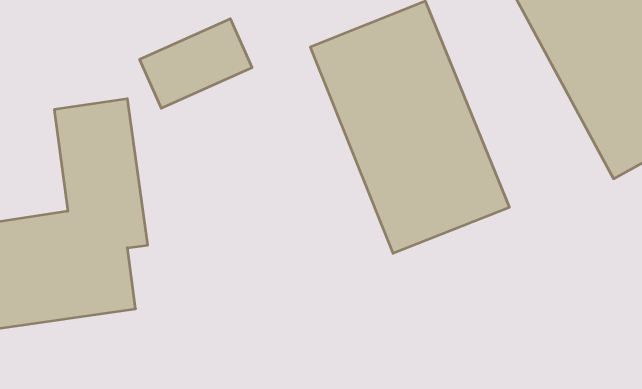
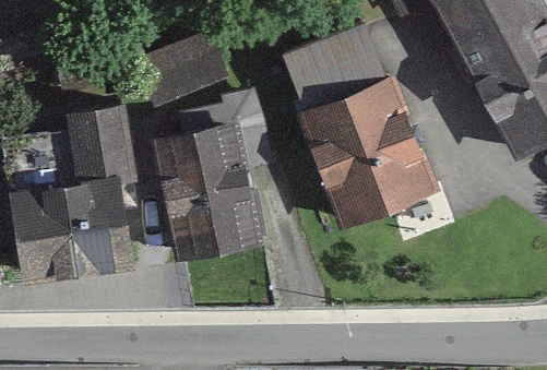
building: none -> [150,122,269,262]

